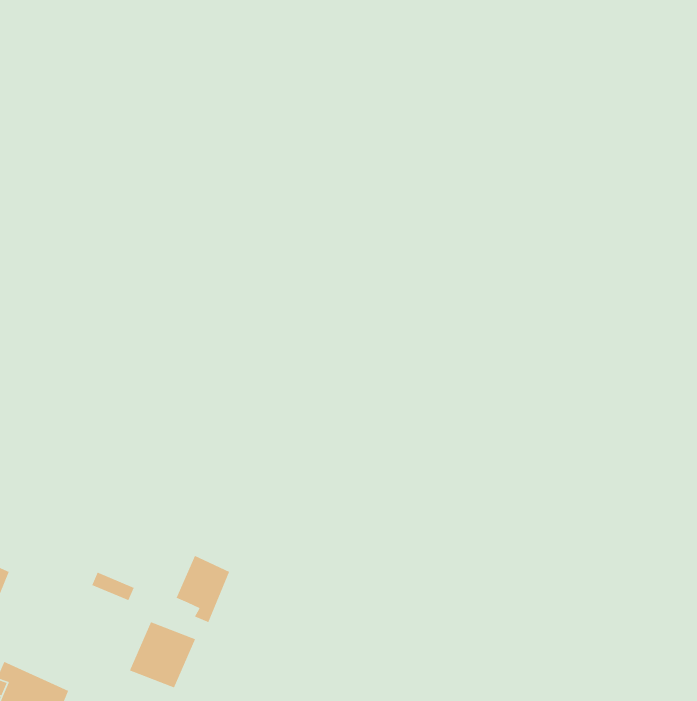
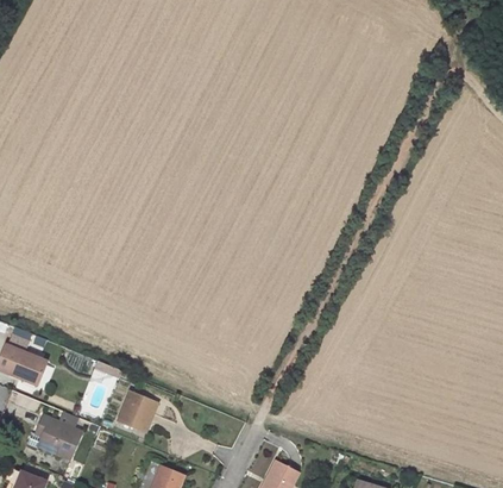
building: [175,555,230,623] -> none

